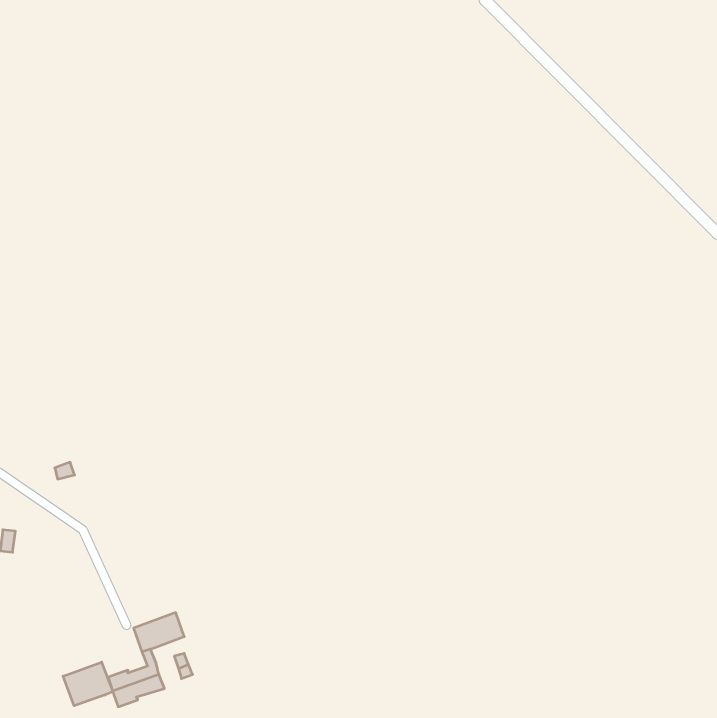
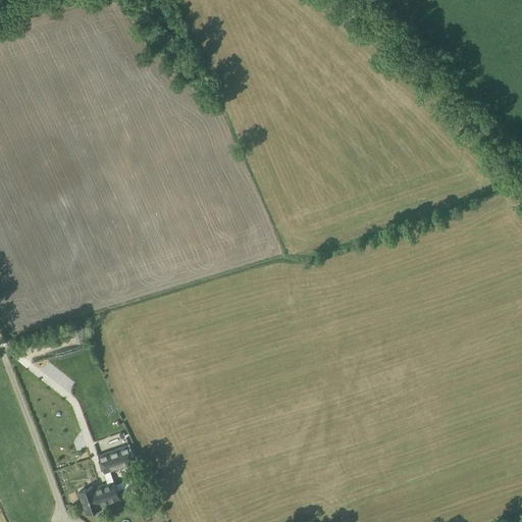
building: [63,662,113,706] -> none

